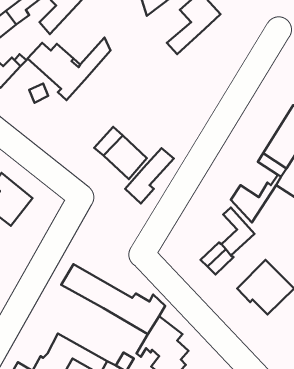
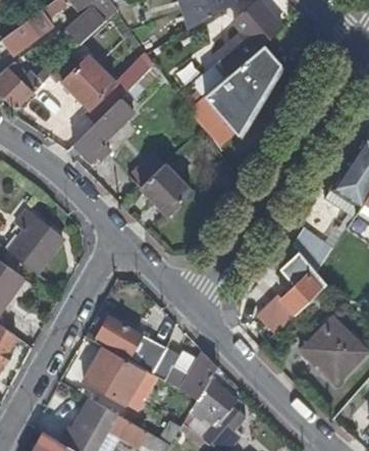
building: none -> [189,41,281,150]
building: [125,148,174,204] -> [78,101,136,166]
building: none -> [85,347,144,403]

